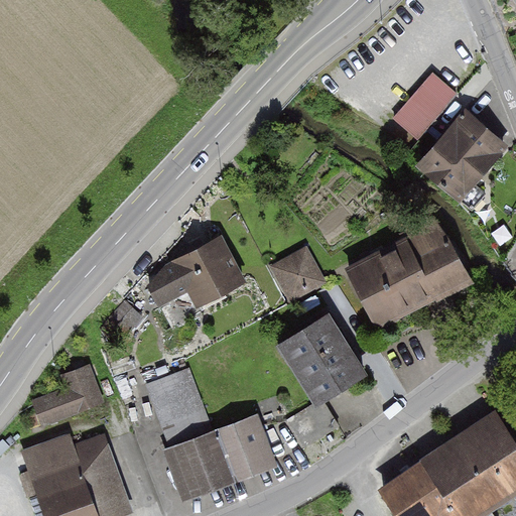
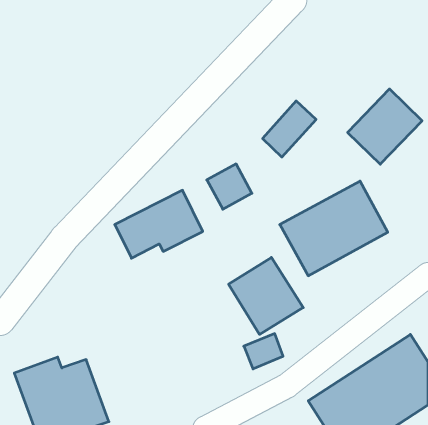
building: [397,73,462,140] -> [263,101,316,157]
building: [273,249,328,303] -> [207,164,252,209]
building: [33,367,107,430] -> none
building: [146,369,278,502] -> none

